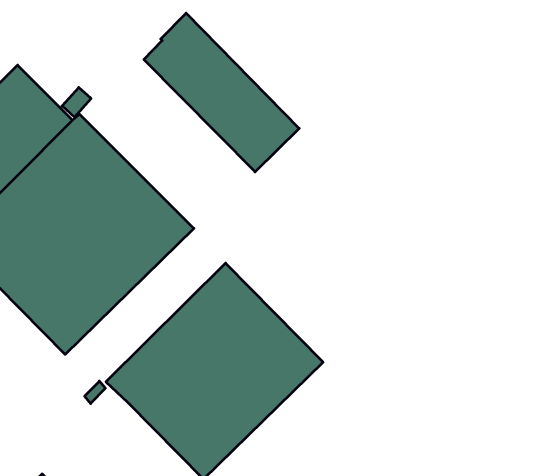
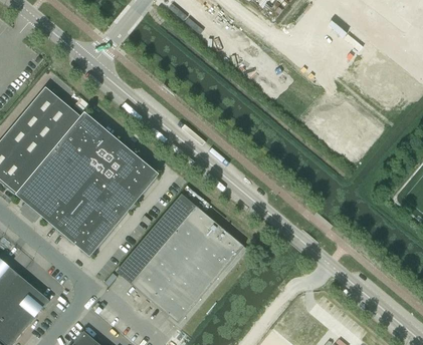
building: [144,13,299,172] -> none

